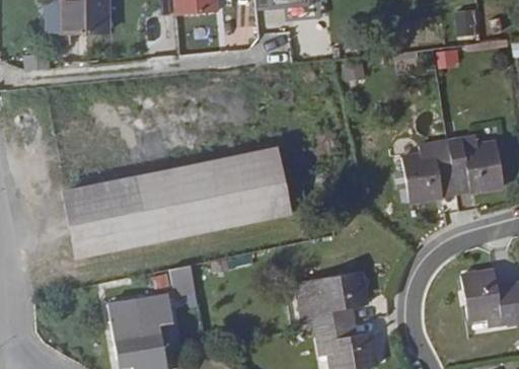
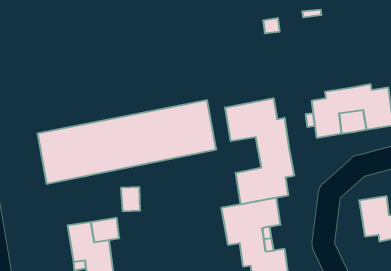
building: none -> [225,98,294,204]

